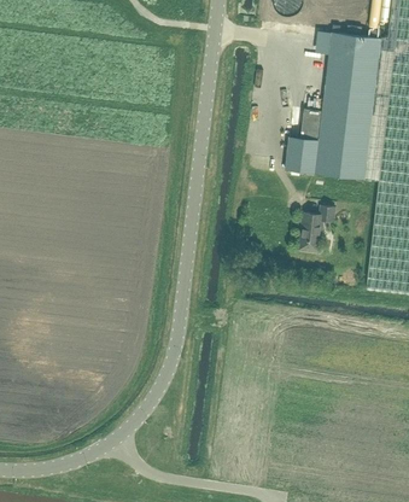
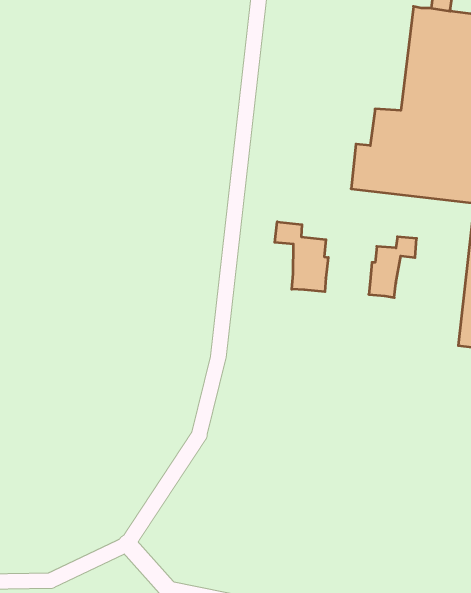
building: none -> [275,222,328,292]

